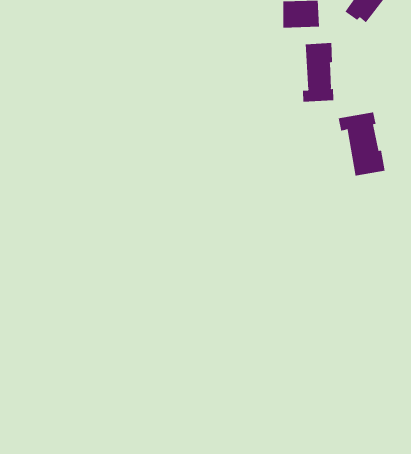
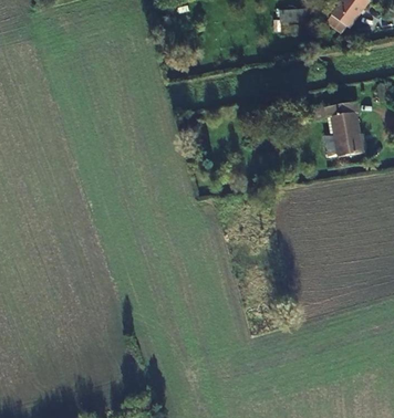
building: [302,42,334,103] -> none

